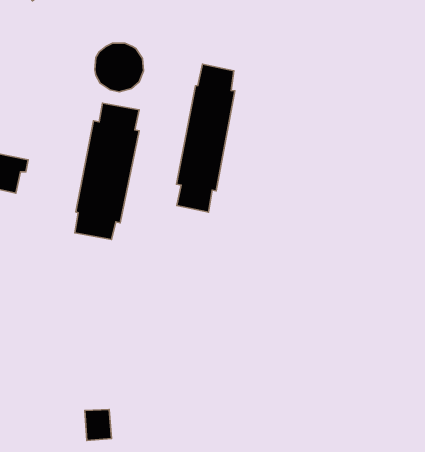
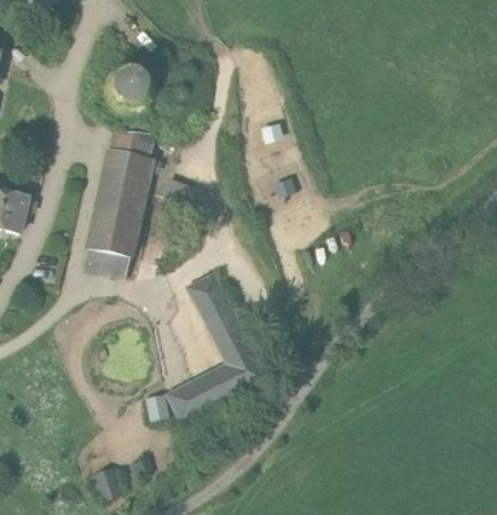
building: [176,64,235,212] -> none
building: none -> [144,270,262,419]

